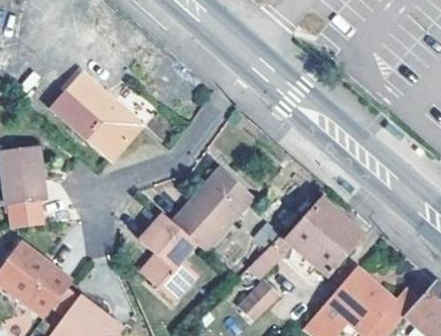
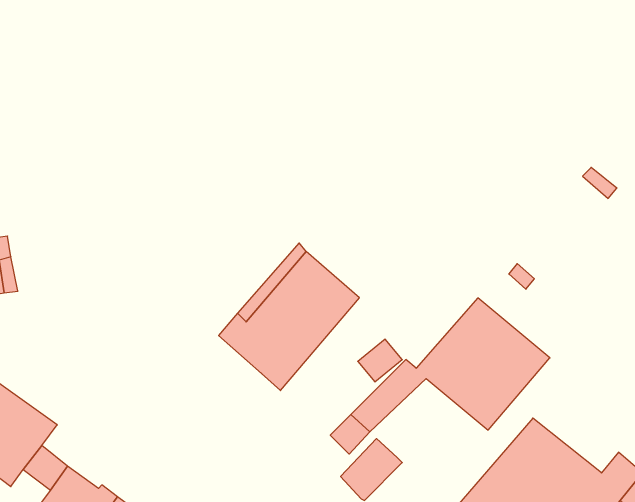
building: [51,70,146,159] -> none
building: [136,213,194,299] -> none

